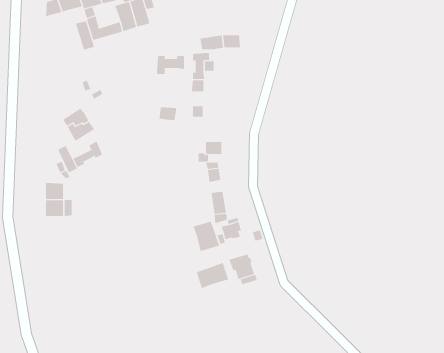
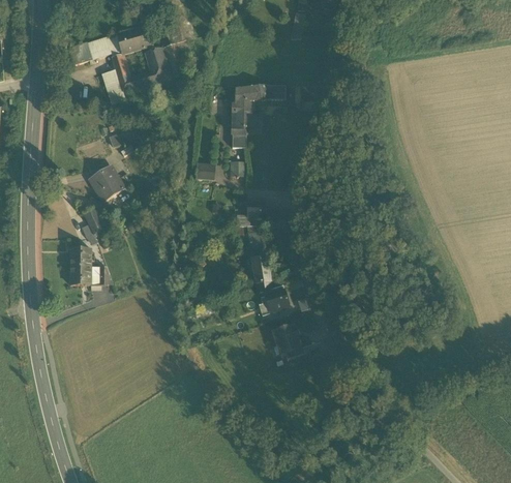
building: [156,55,185,75] -> none
building: [72,141,103,168] -> none
building: [193,221,220,252] -> none
building: [196,262,229,289] -> none

